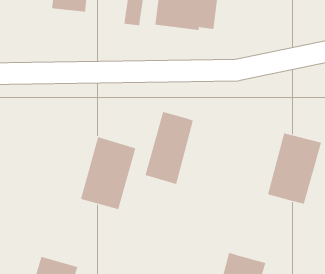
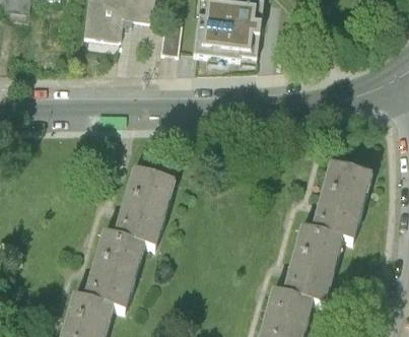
building: [145,111,194,185] -> none
building: none -> [280,230,340,309]
building: none -> [83,235,143,313]

